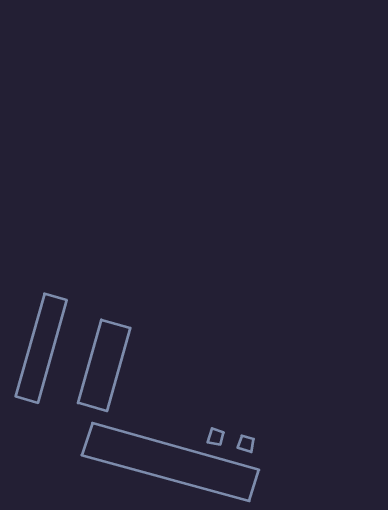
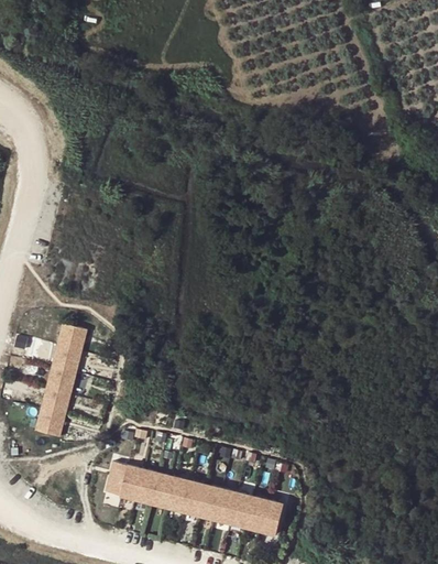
building: [78,320,130,411] -> none

